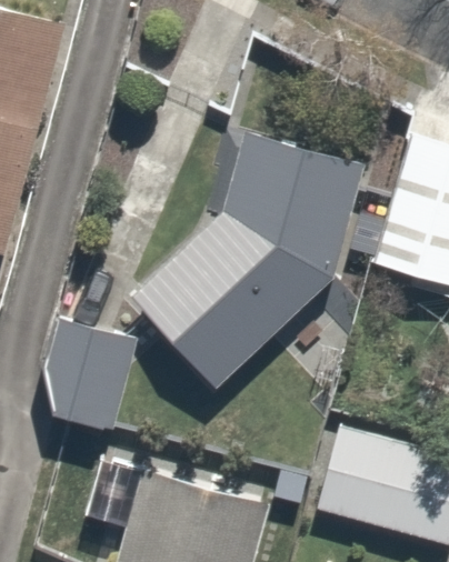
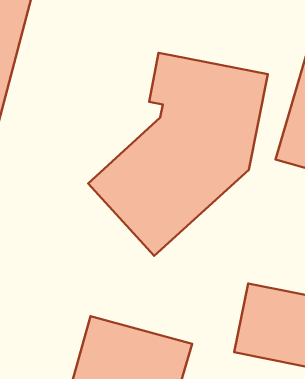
building: [34,318,133,433] -> none

